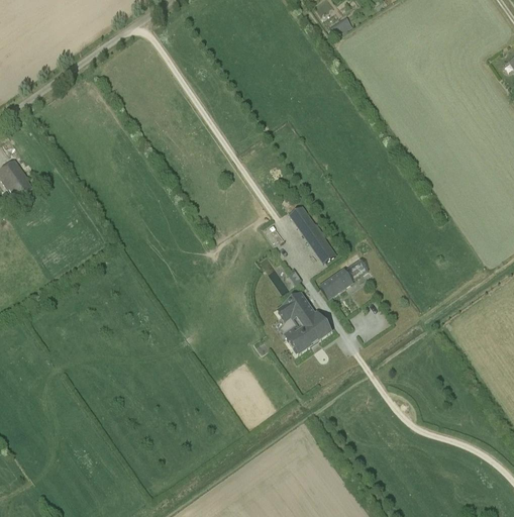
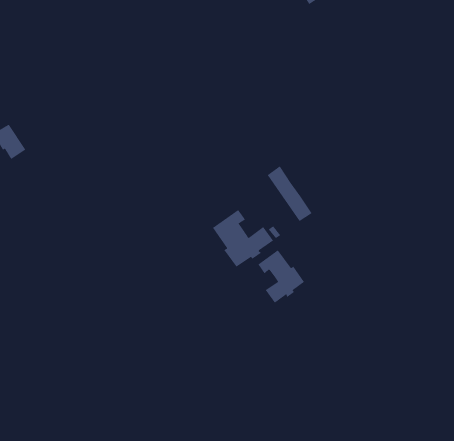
building: none -> [212,209,274,268]
building: [318,268,353,299] -> none

